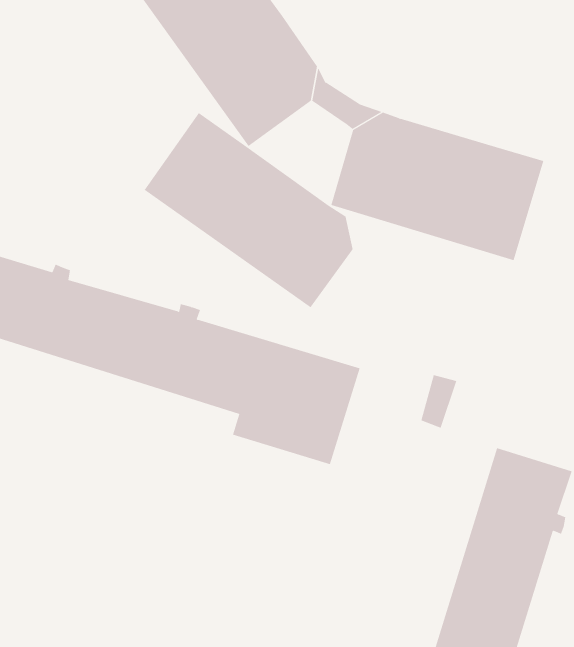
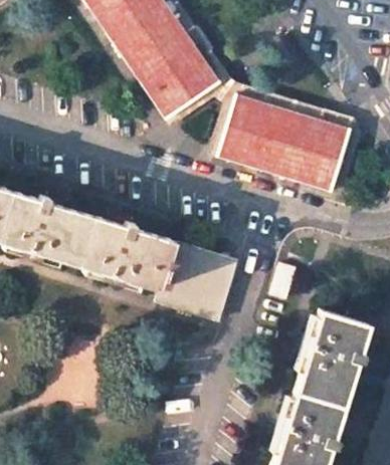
building: [144,112,353,308] -> none

